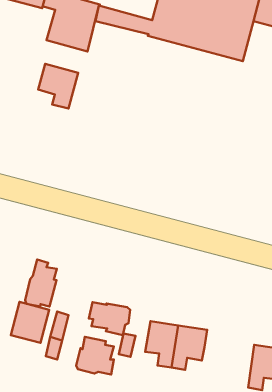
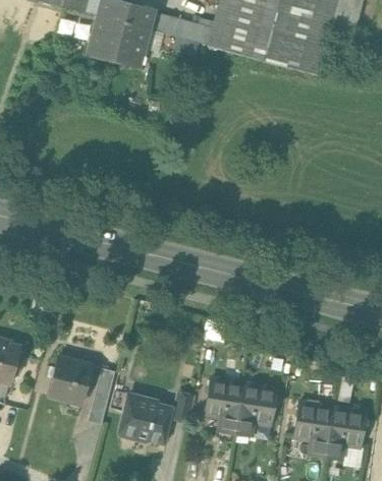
building: [38,64,78,109] -> none
building: [25,259,57,306] -> none
building: [89,302,130,335] -> none
building: none -> [293,403,331,457]

